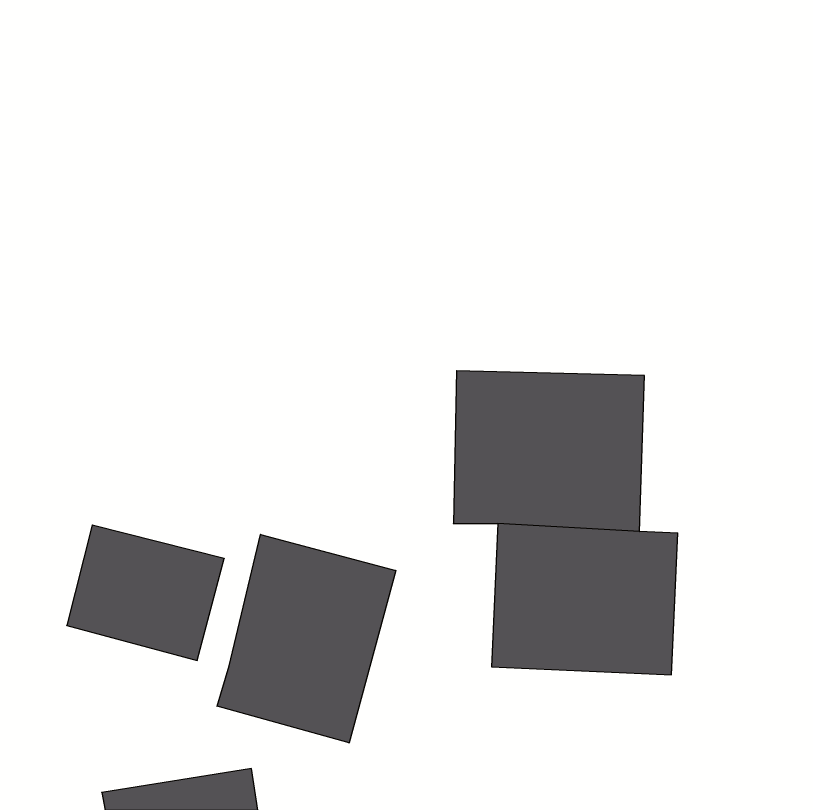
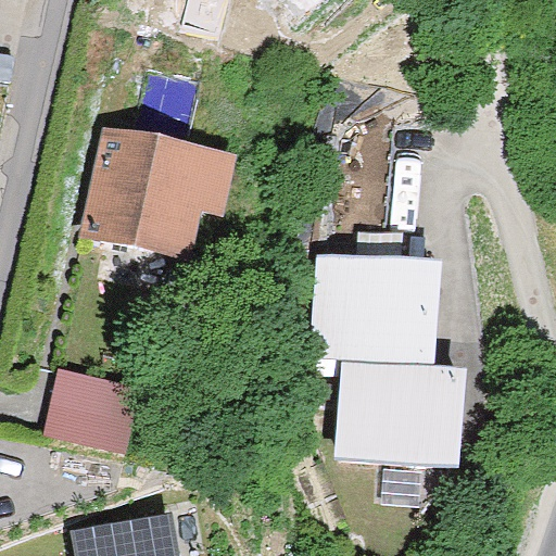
building: none -> [79,134,231,265]
building: [217,534,396,743] -> none

